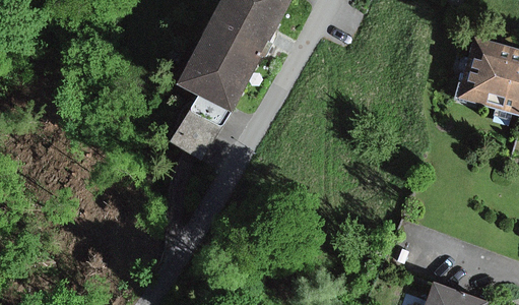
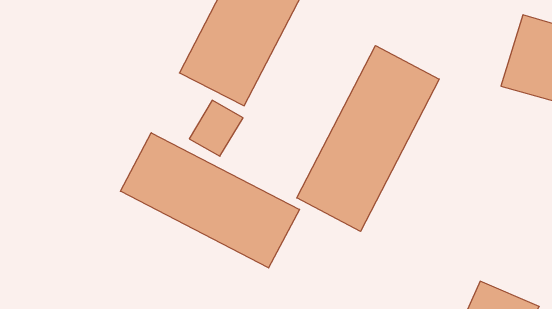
building: none -> [297,46,439,231]
building: none -> [120,133,300,268]

